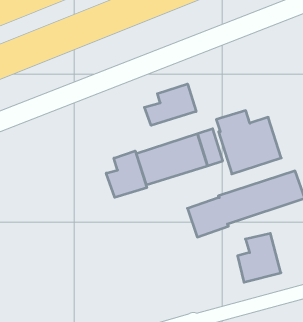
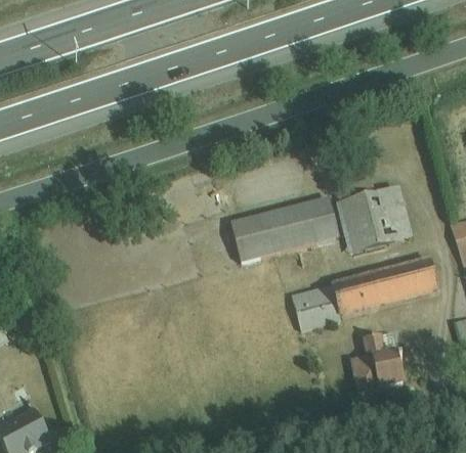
building: [144,84,196,125] -> none
building: [106,151,147,197] -> none

